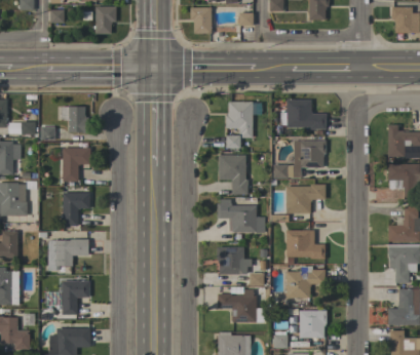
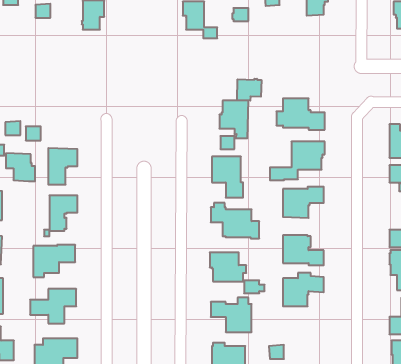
building: none -> [237,79,261,101]
building: [62,106,89,132] -> [6,153,35,181]
building: [300,310,327,338] -> none

